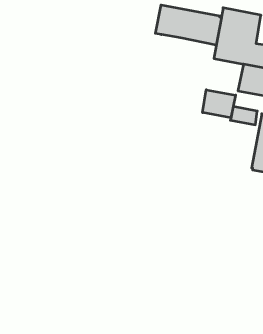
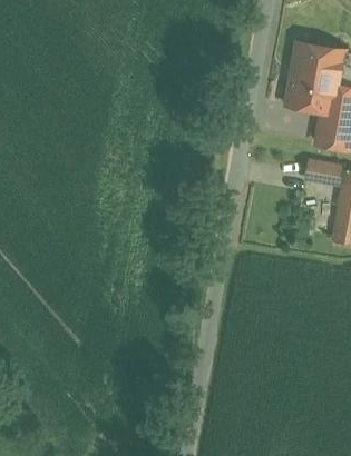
building: [155,5,221,45] -> none
building: [203,90,236,118] -> none

